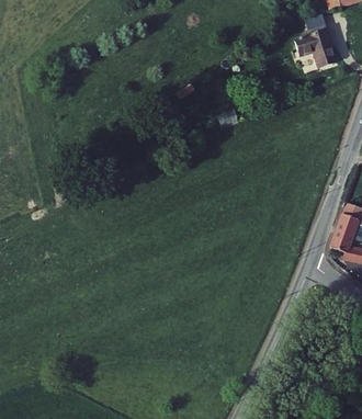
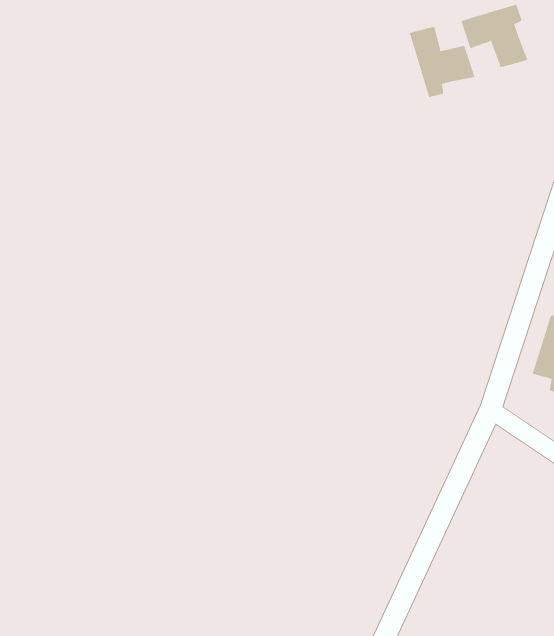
building: none -> [409,26,475,98]

